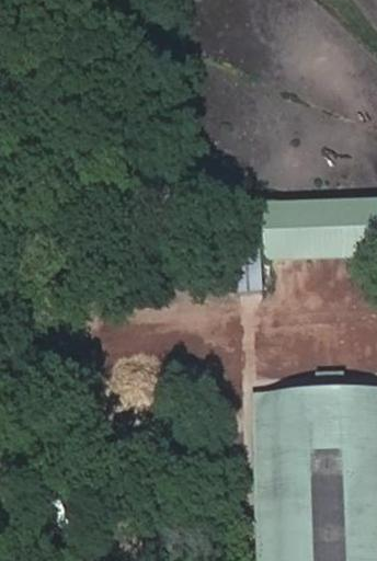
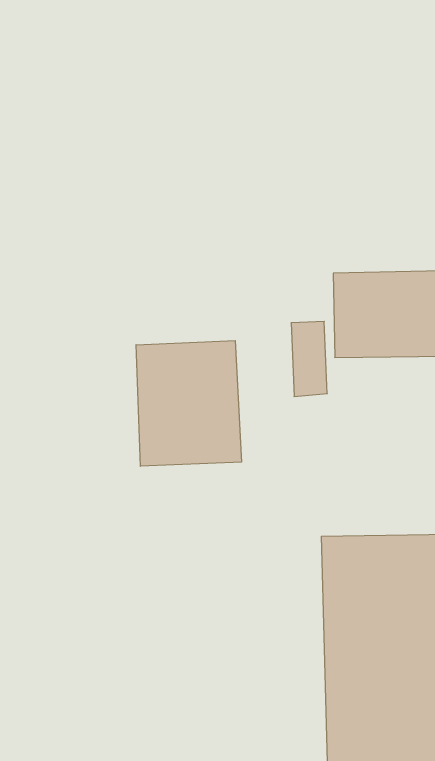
building: none -> [136,341,241,466]

